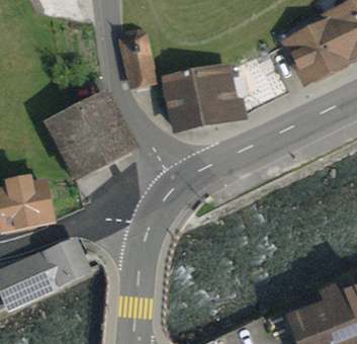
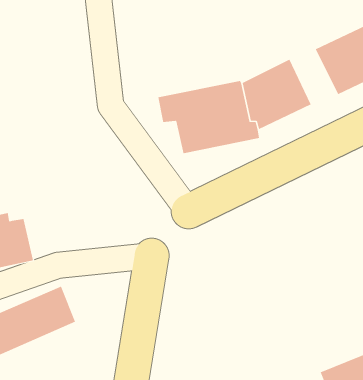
building: [120,31,154,83] -> none
building: [53,100,127,177] -> none

